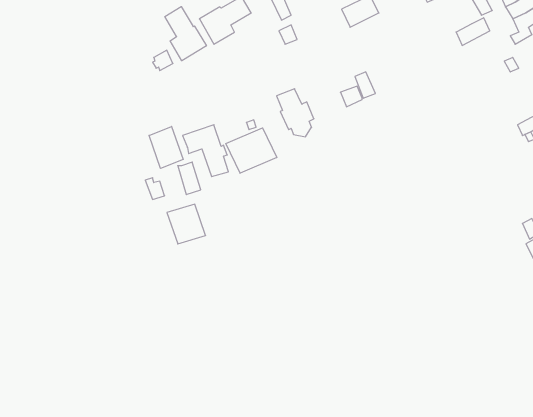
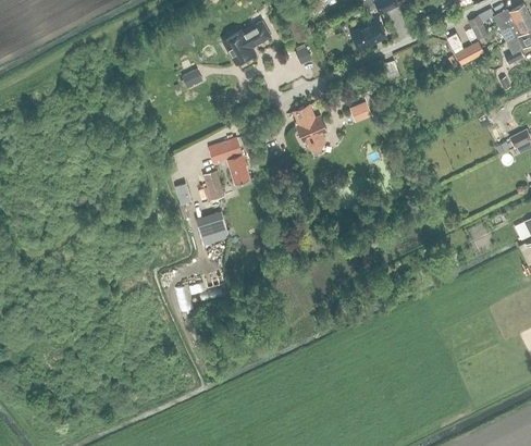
building: [165,7,206,61] -> none
building: [149,126,183,168] -> none
building: [226,128,277,173] -> none

